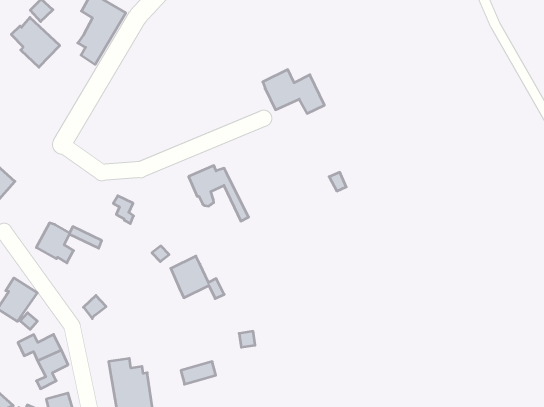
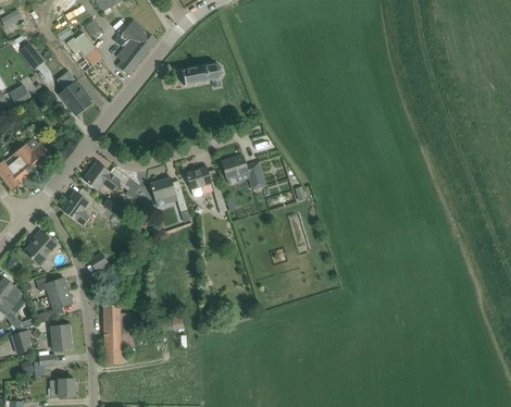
building: none -> [180,63,222,87]
building: [263,70,324,113] -> [221,155,265,190]
building: none -> [58,82,90,112]
building: none -> [83,162,119,194]
building: [171,256,224,299] -> [149,176,187,211]

